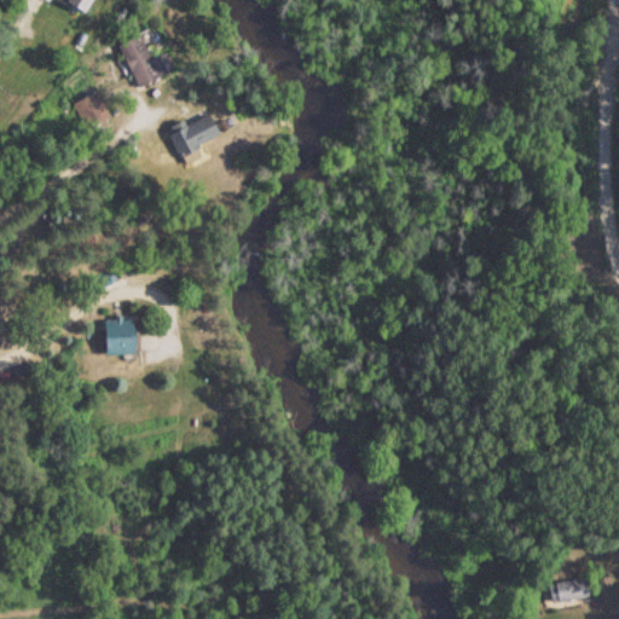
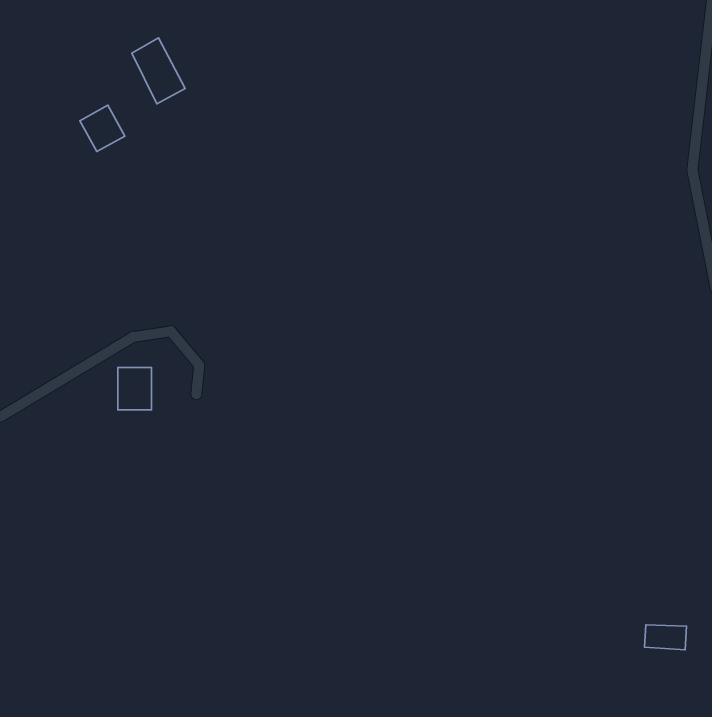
building: [172,116,218,166] -> none
building: [550,578,586,600] -> [644,625,686,650]

